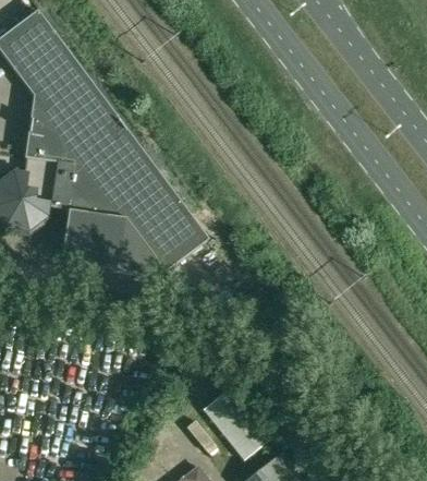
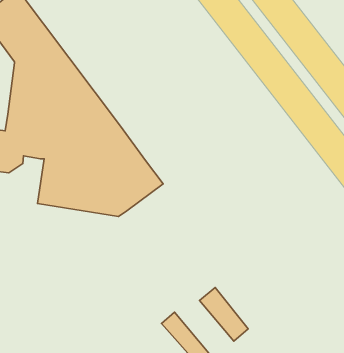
building: none -> [199,287,248,341]

